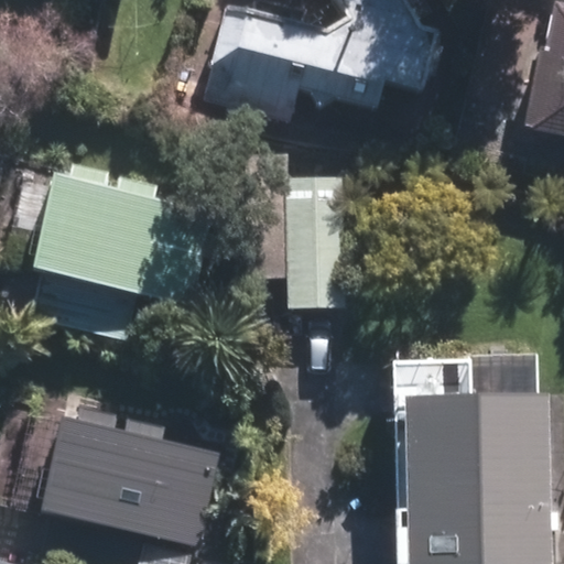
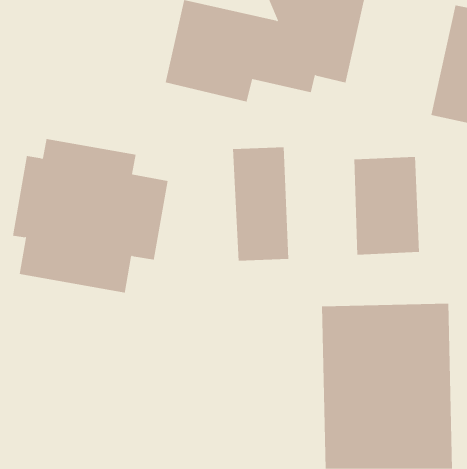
building: none -> [354,156,419,255]
building: [39,411,223,546] -> none

